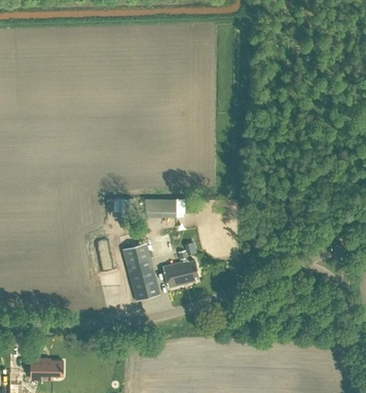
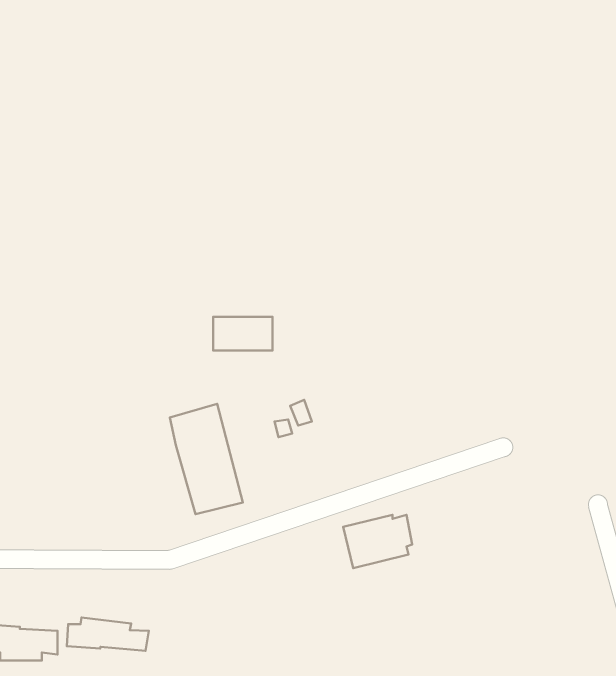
building: [162,262,198,289] -> [343,515,412,568]
building: none -> [67,617,149,651]

